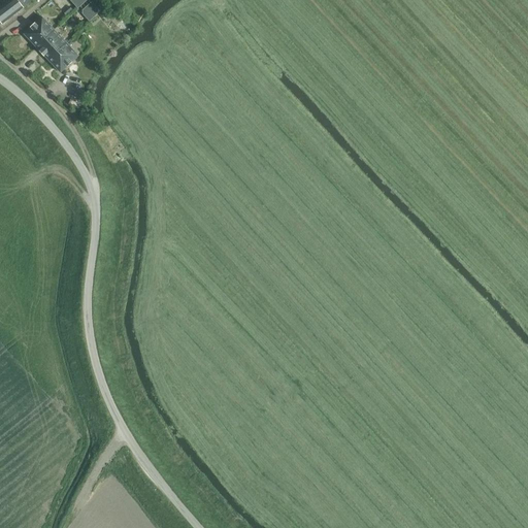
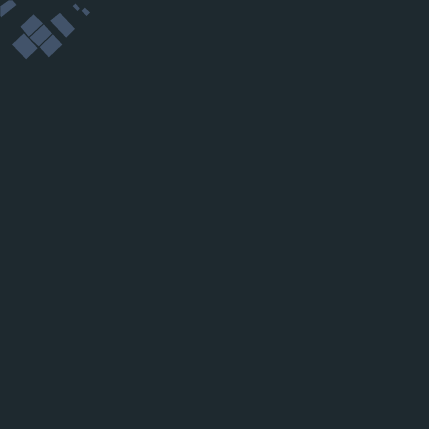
building: none -> [49,12,76,39]
building: none -> [11,33,38,60]

